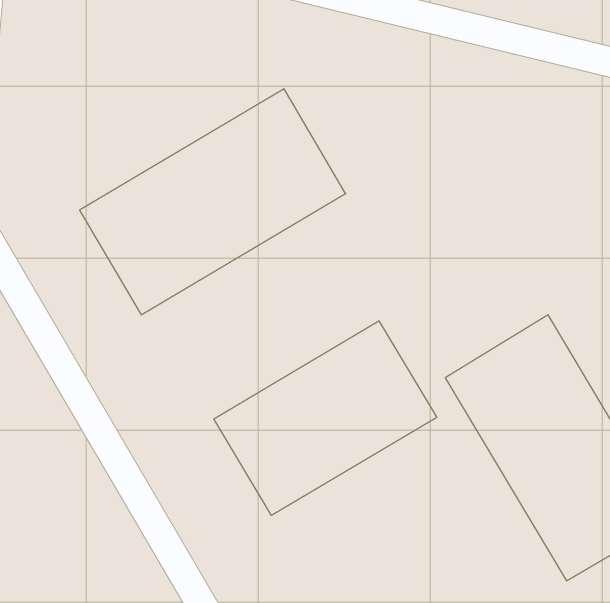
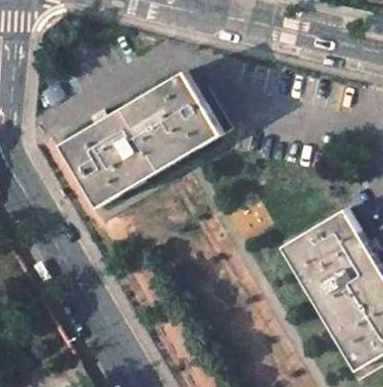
building: [214,321,437,515] -> none

